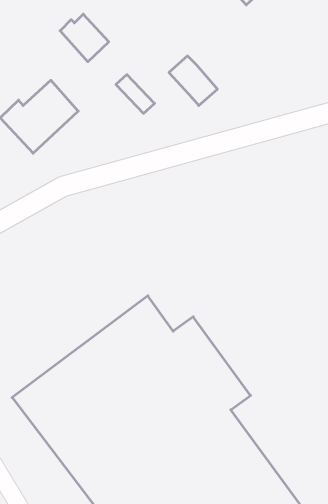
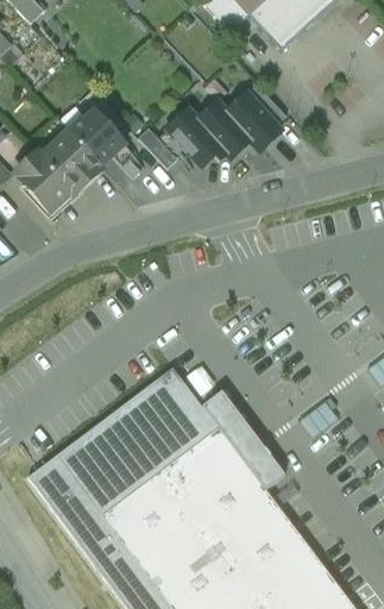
building: [60,14,109,62] -> [70,114,122,165]
building: none -> [227,98,279,152]
building: none -> [169,114,222,170]

